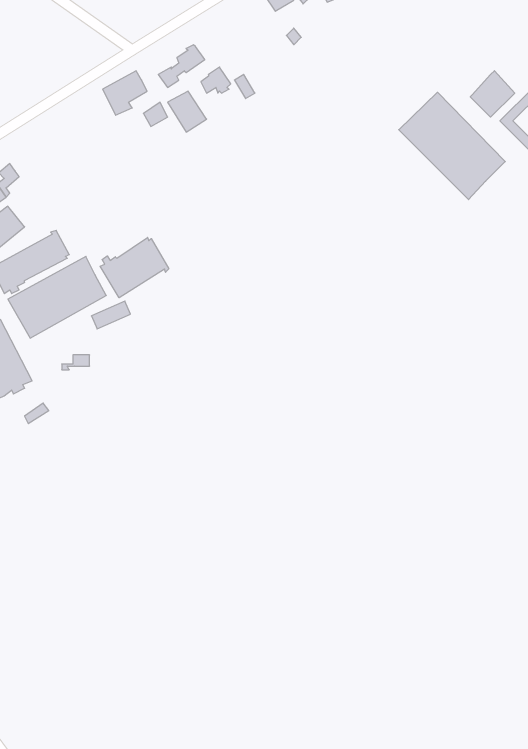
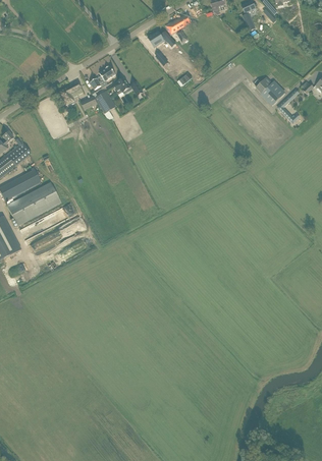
building: [399,92,505,200] -> none
building: [100,237,169,298] -> none

